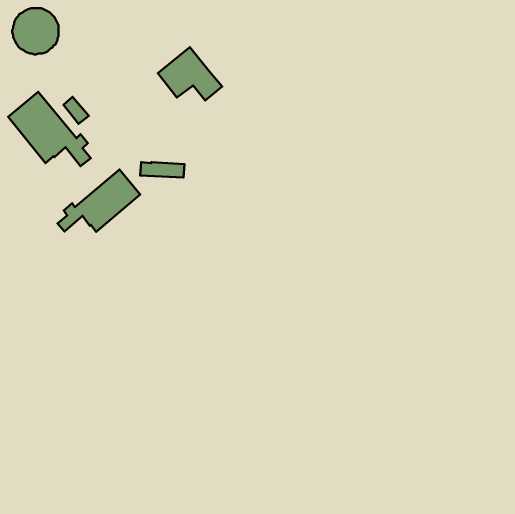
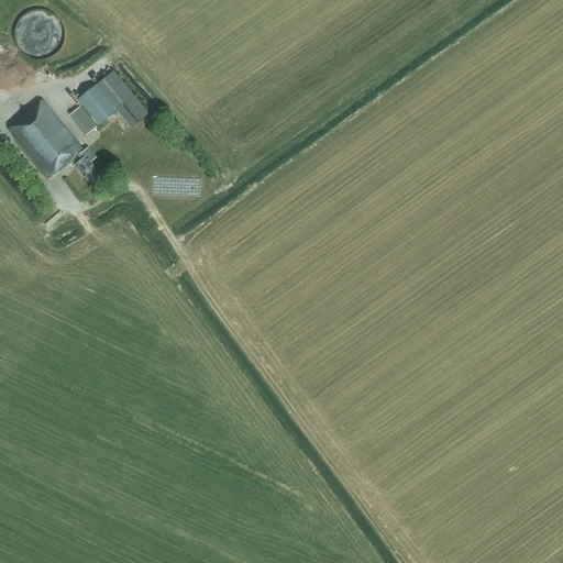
building: [158,47,222,100] -> [78,69,148,128]
building: [58,170,140,232] -> none

